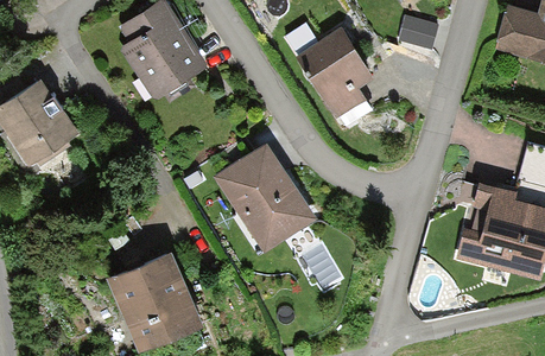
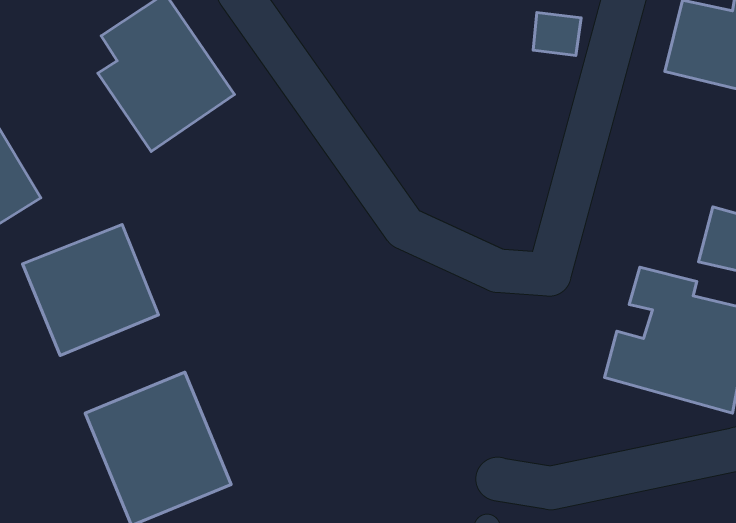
building: [292,26,370,129] -> none
building: [214,139,316,252] -> none
building: none -> [23,225,159,356]

